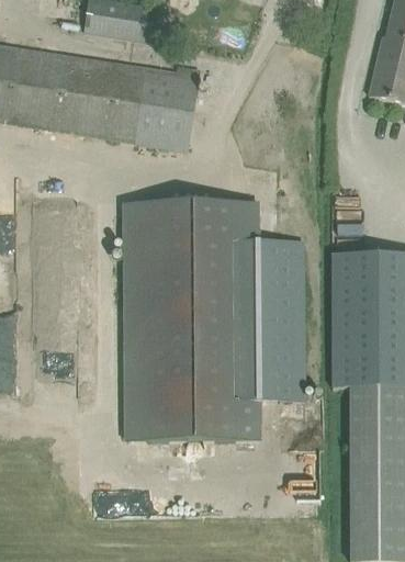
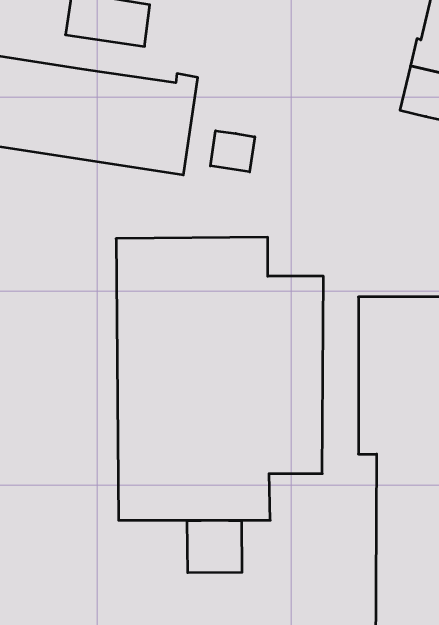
building: none -> [210,131,255,172]
building: none -> [187,520,242,573]

